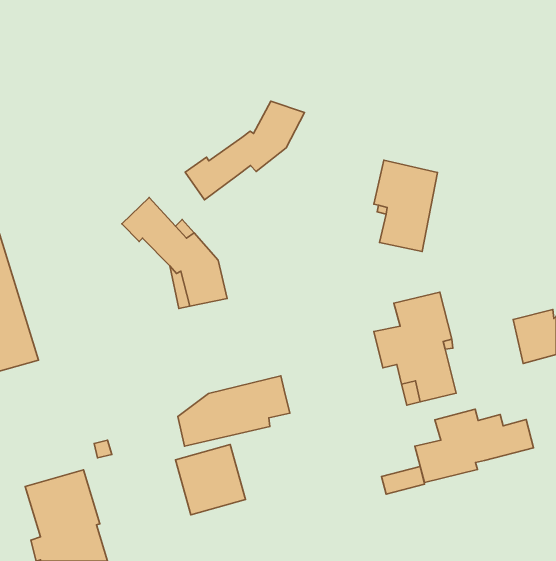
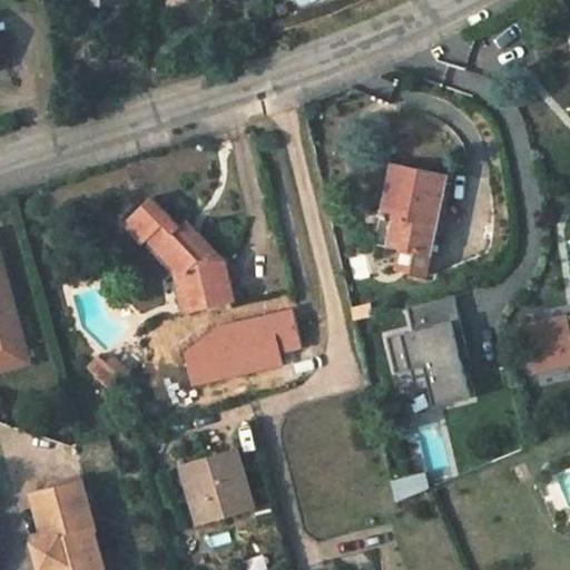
building: [185,101,304,200] -> none
building: [178,376,290,446] -> [181,312,295,383]
building: [415,409,534,482] -> none

